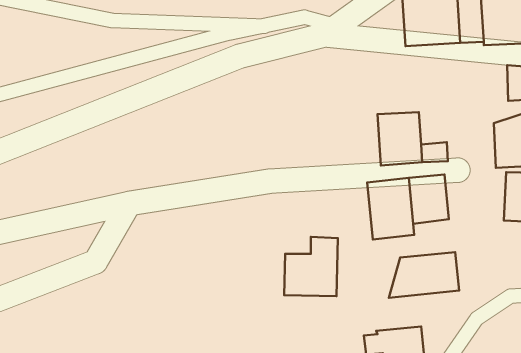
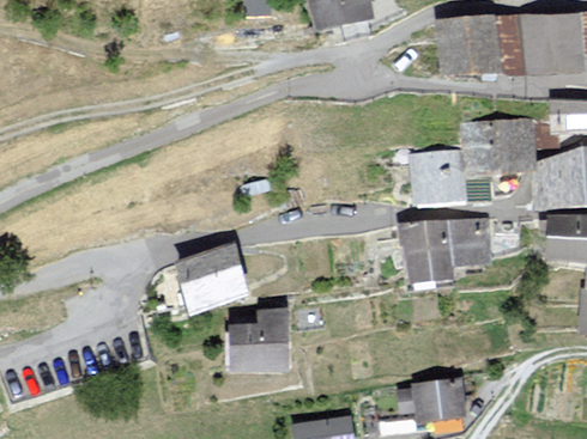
building: none -> [465,117,533,177]
building: none -> [176,246,244,313]
building: [284,237,338,296] -> [230,309,288,372]
building: [389,252,459,298] -> none

